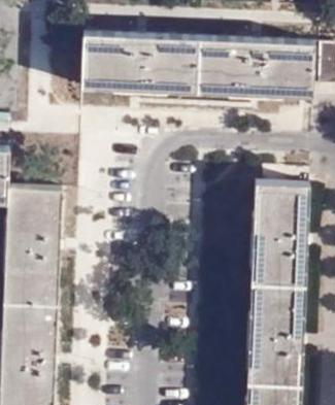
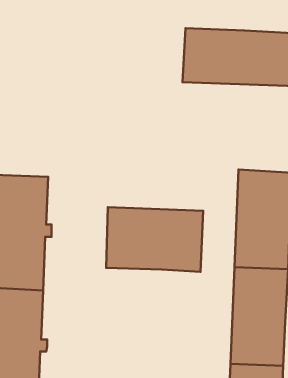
building: [83,32,201,91] -> none
building: none -> [106,207,203,272]

